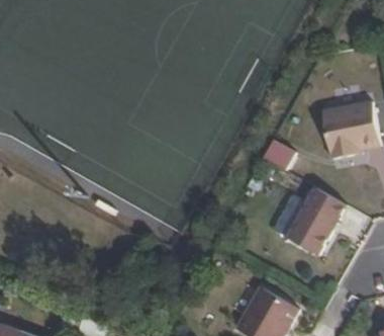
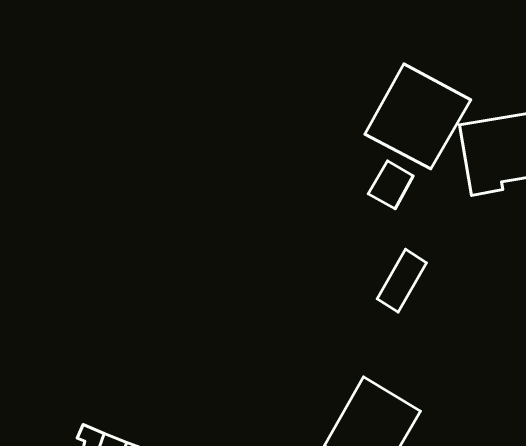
building: none -> [365,64,471,169]
building: [288,185,349,251] -> none

